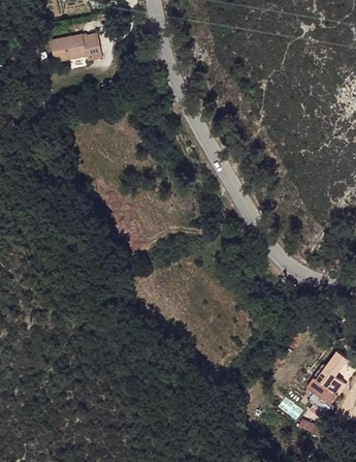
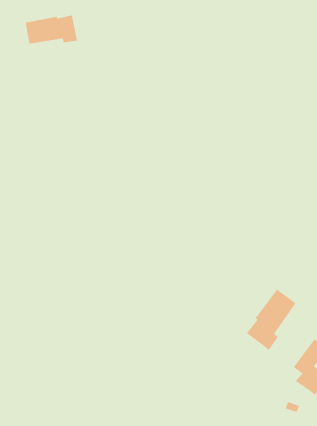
building: none -> [246,289,296,351]

